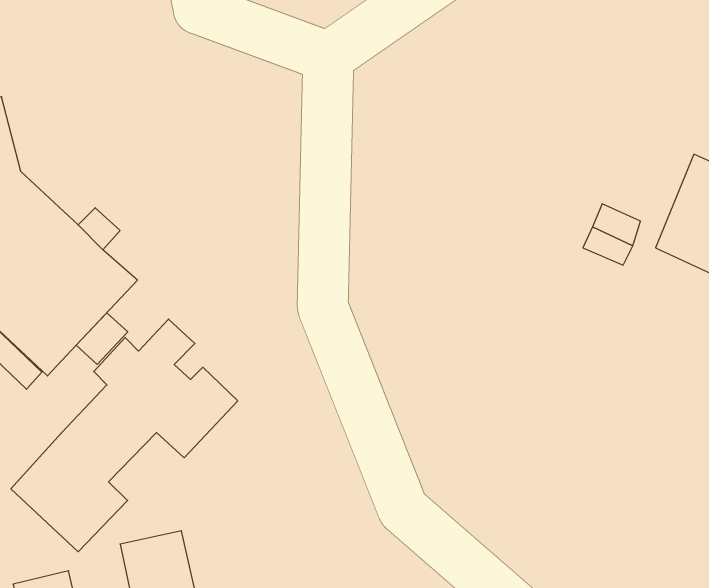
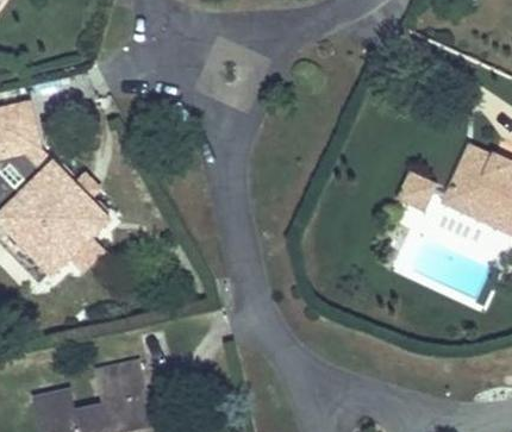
building: [11,319,238,552] -> none

